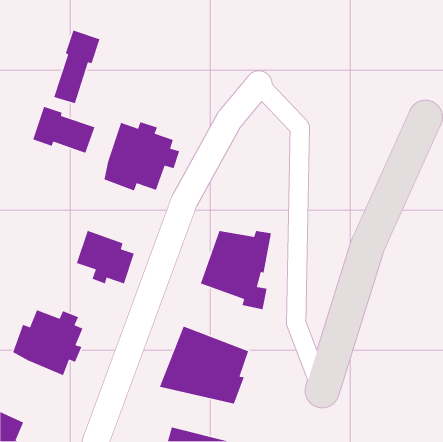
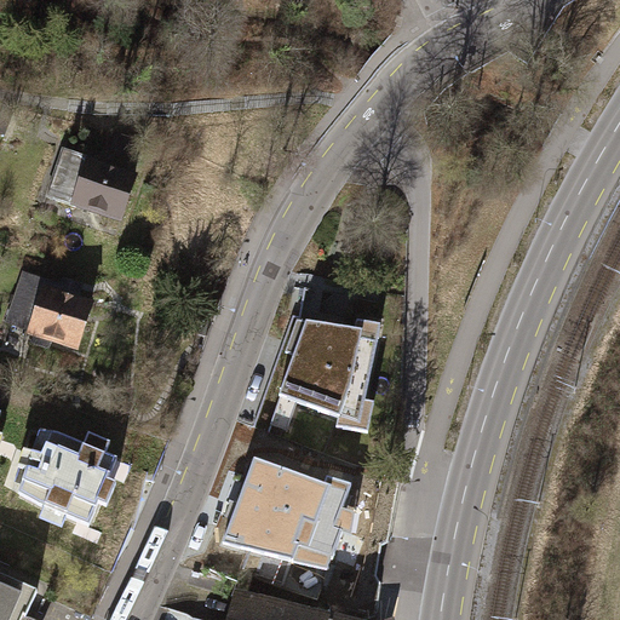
building: [53,30,100,104] -> none
building: [103,121,180,192] -> none
building: [76,230,135,284] -> [7,271,90,348]

